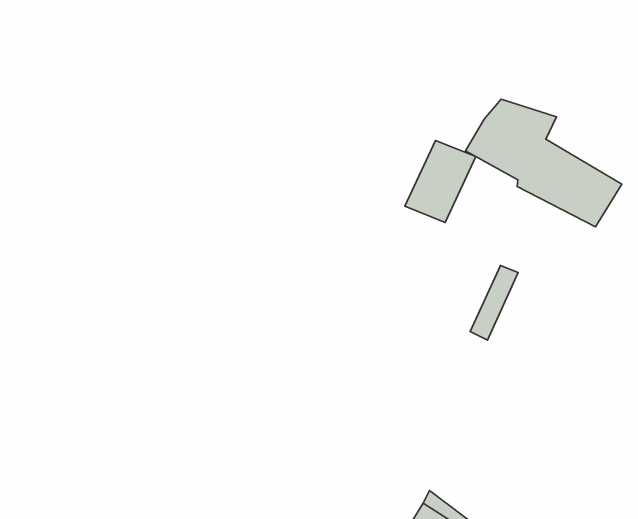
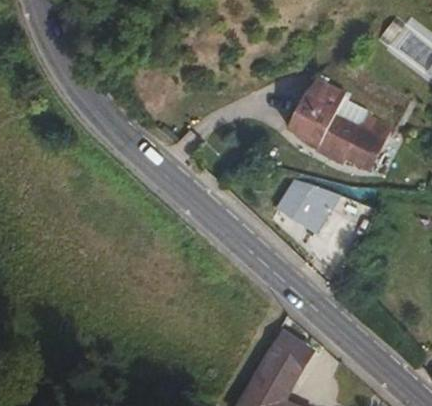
building: [405,141,476,222] -> [276,184,315,232]

